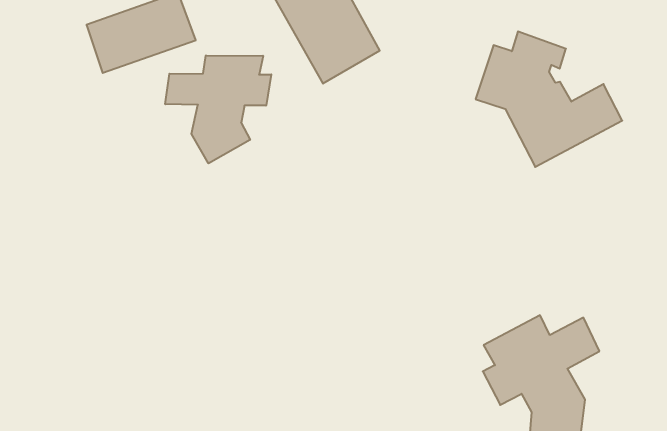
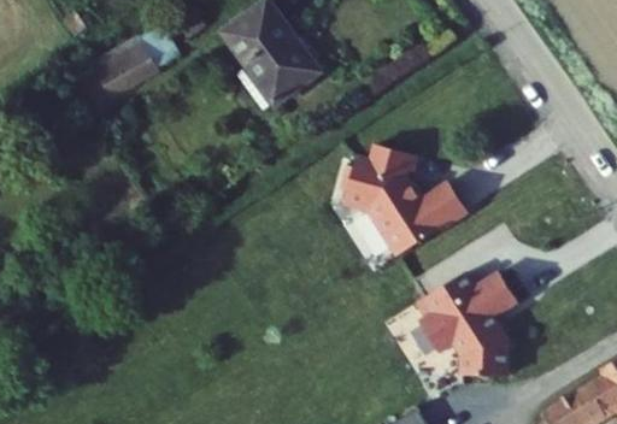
building: [476,31,622,167] -> [352,143,475,254]
building: [165,55,271,163] -> none

